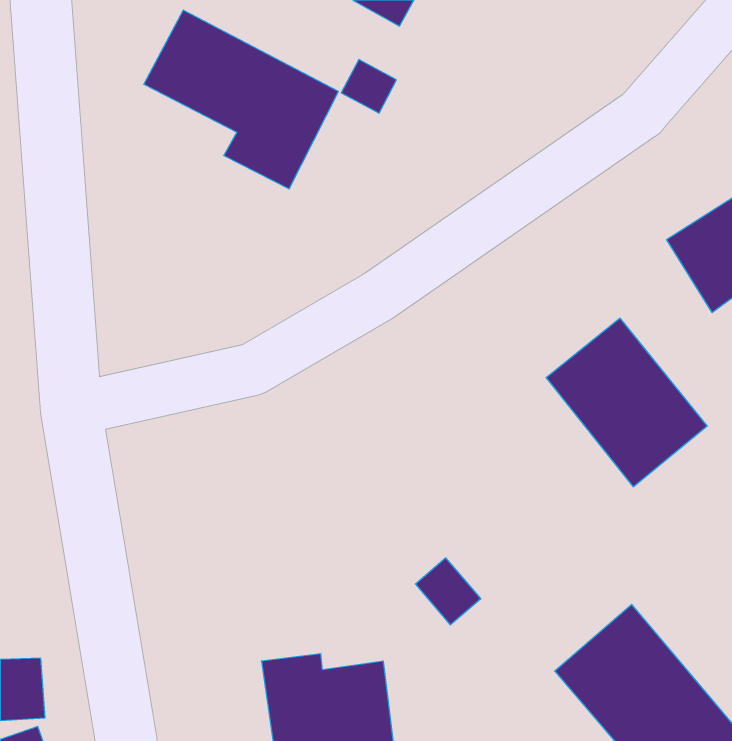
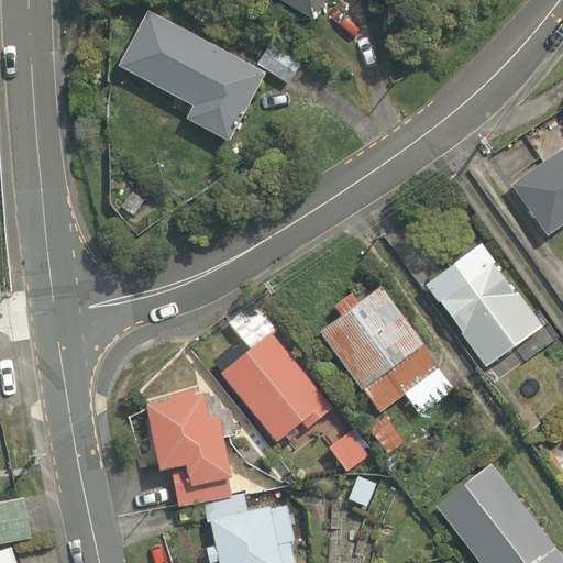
building: none -> [321,286,457,416]
building: none -> [217,334,334,445]
building: none -> [145,395,230,484]

